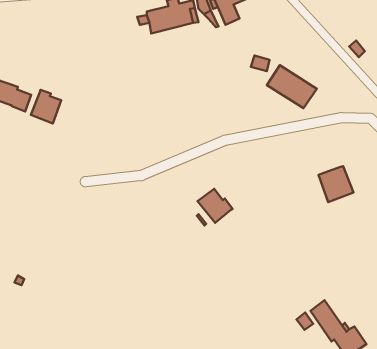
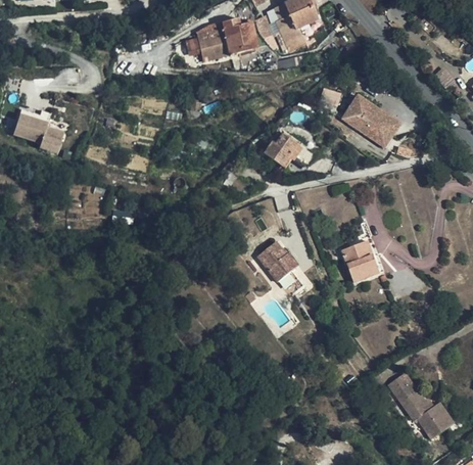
building: [31,90,61,124] -> none
building: none -> [265,132,315,165]
building: [318,166,354,202] -> [343,239,384,281]

